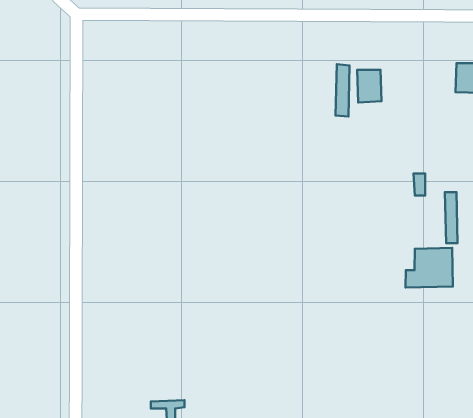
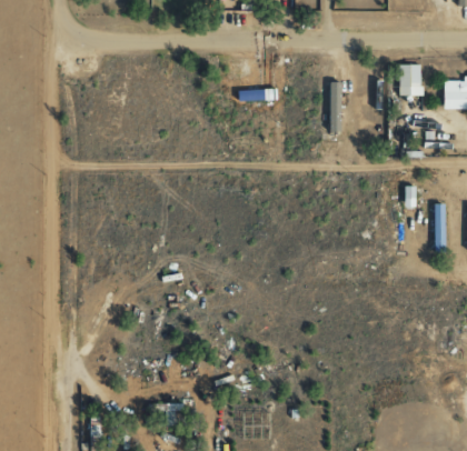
building: [357,70,382,102] -> [399,66,423,97]
building: [405,248,453,288] -> none

